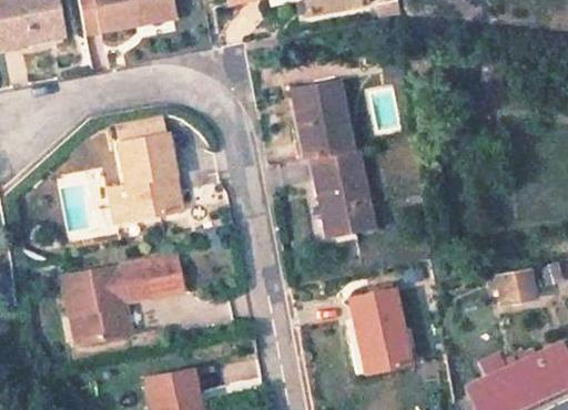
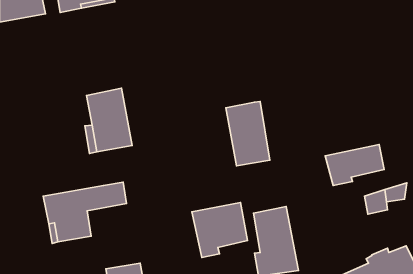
building: [287,84,351,162] -> none
building: none -> [325,145,384,186]
building: none -> [192,203,247,258]

